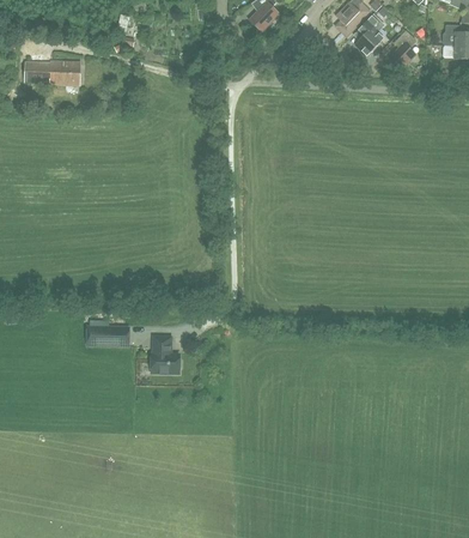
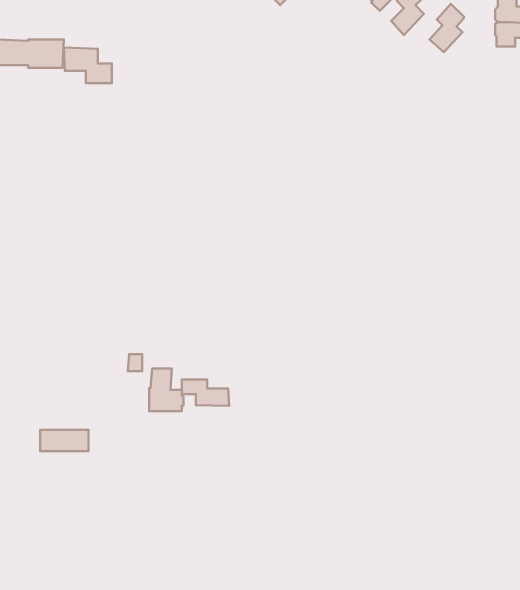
building: none -> [64,48,112,83]
building: [87,326,128,344] -> [40,430,89,451]
building: none -> [182,380,229,406]

